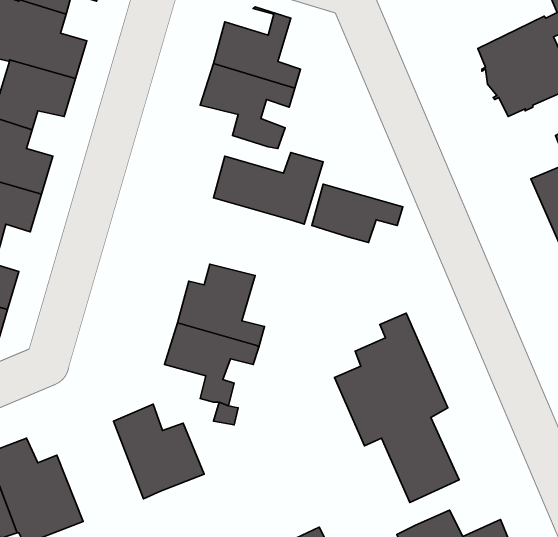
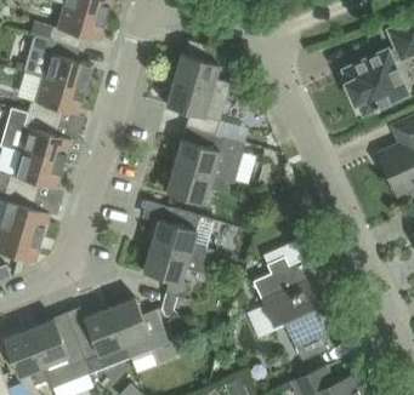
building: [312,184,403,243] -> [166,166,225,204]
building: none -> [73,309,129,373]

